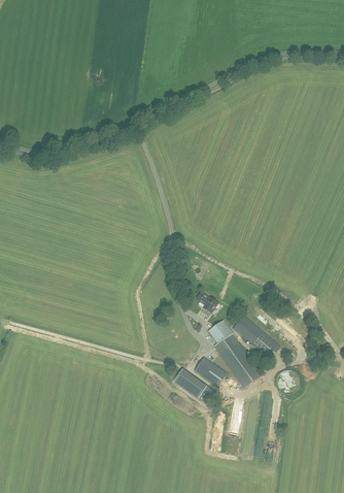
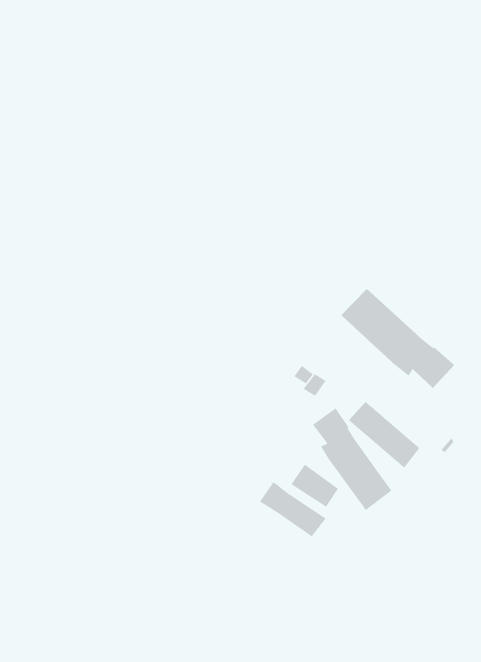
building: none -> [340,288,455,389]

